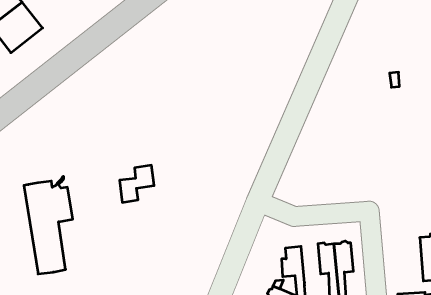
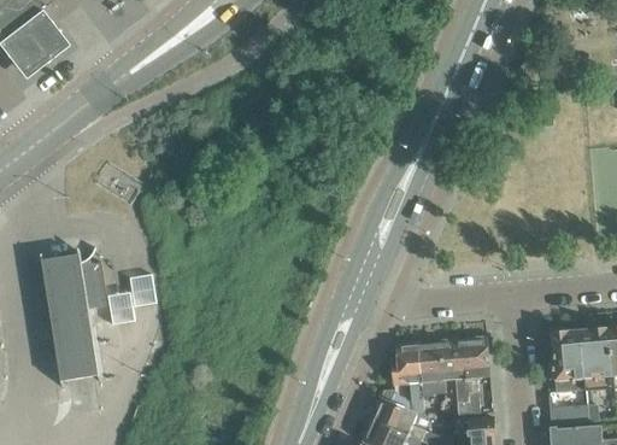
building: [120,165,154,202] -> [110,273,157,323]
building: none -> [548,329,584,393]
building: none -> [418,340,445,397]

